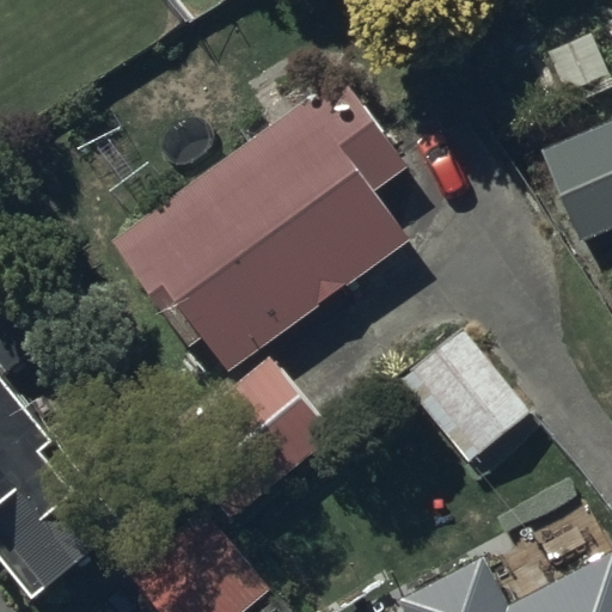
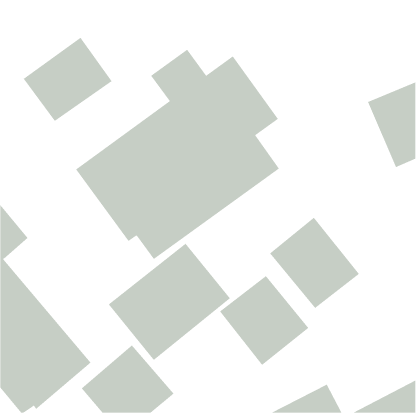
building: none -> [23,37,112,122]
building: none -> [219,275,309,366]

